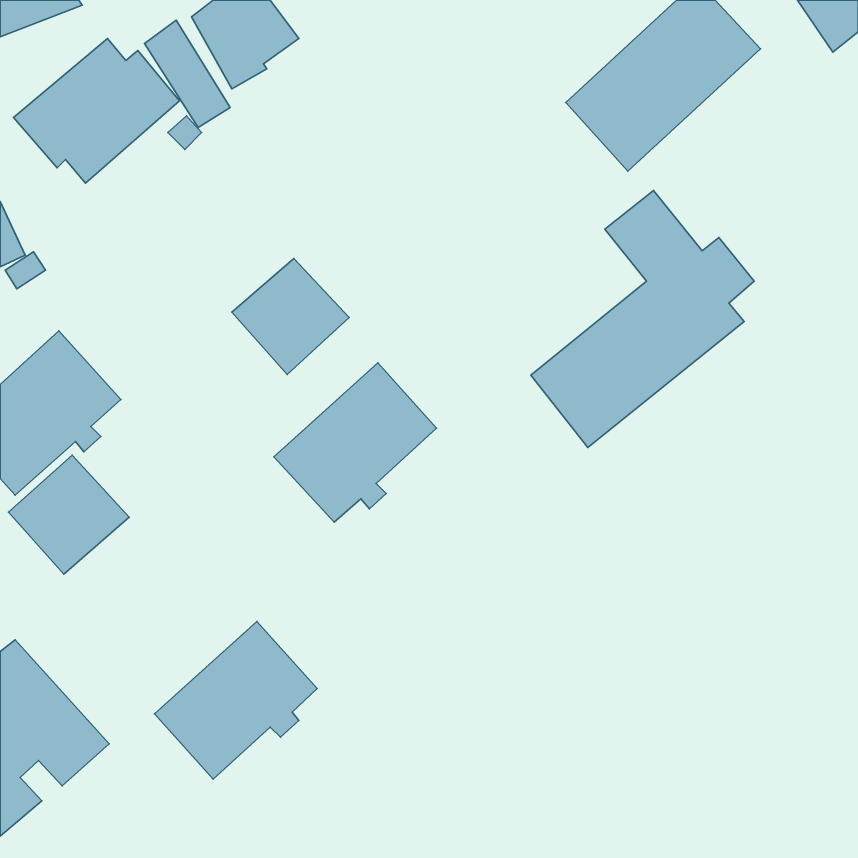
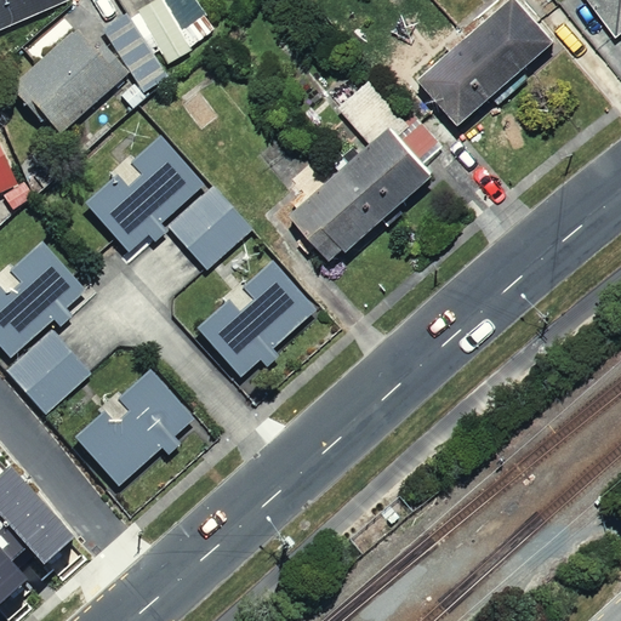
building: none -> [86,135,206,251]
building: [531,191,754,447] -> [278,76,439,262]
building: [154,621,317,779] -> [78,370,195,484]

